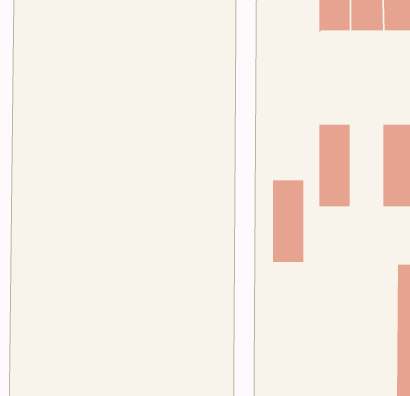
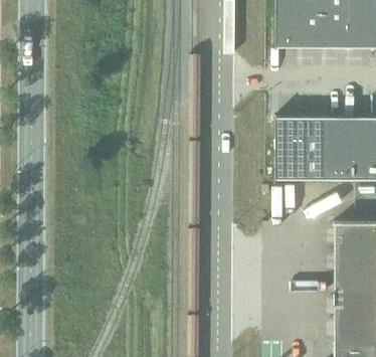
building: [272,180,304,263] -> [301,117,325,179]

